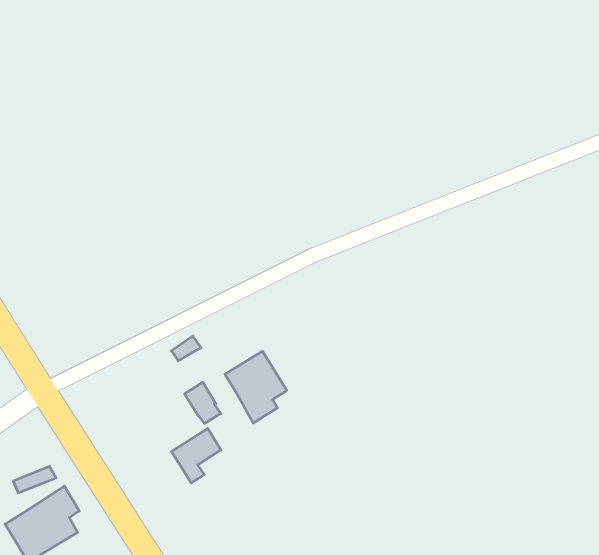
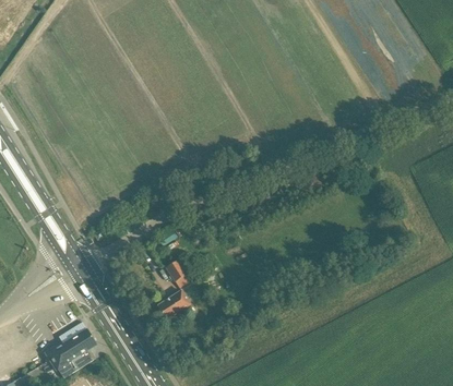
building: [225,351,287,423] -> none

